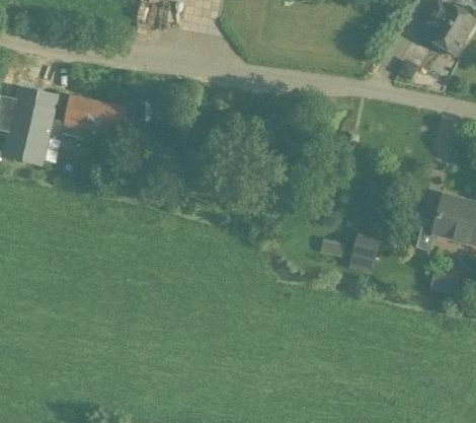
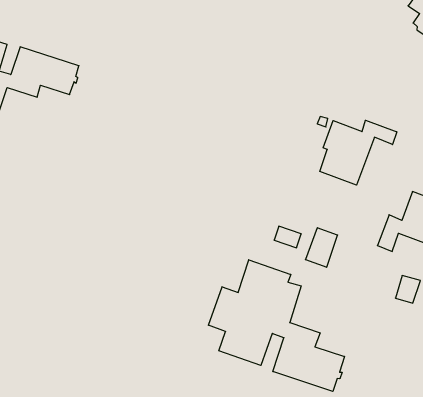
building: none -> [320,120,397,185]
building: none -> [208,260,344,391]

